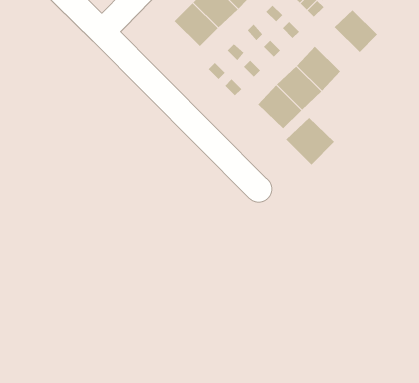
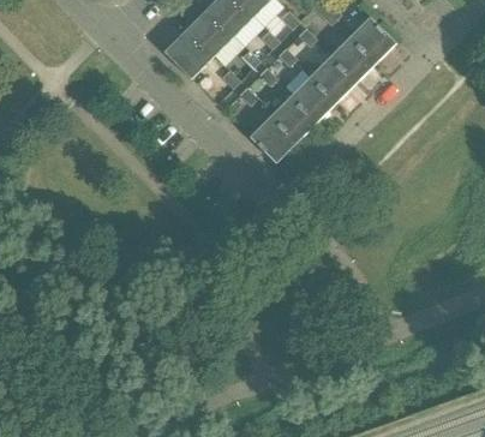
building: none -> [163,28,214,78]
building: none -> [331,34,377,79]
building: [286,117,335,165] -> [249,113,299,162]

